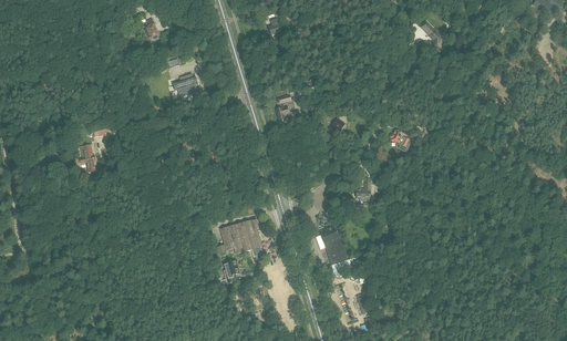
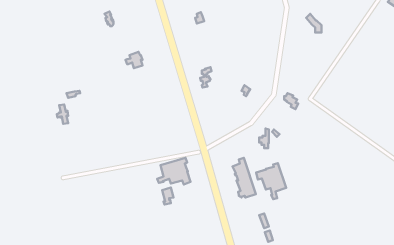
building: none -> [256,163,286,199]

